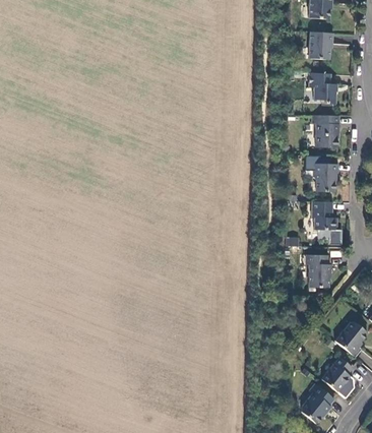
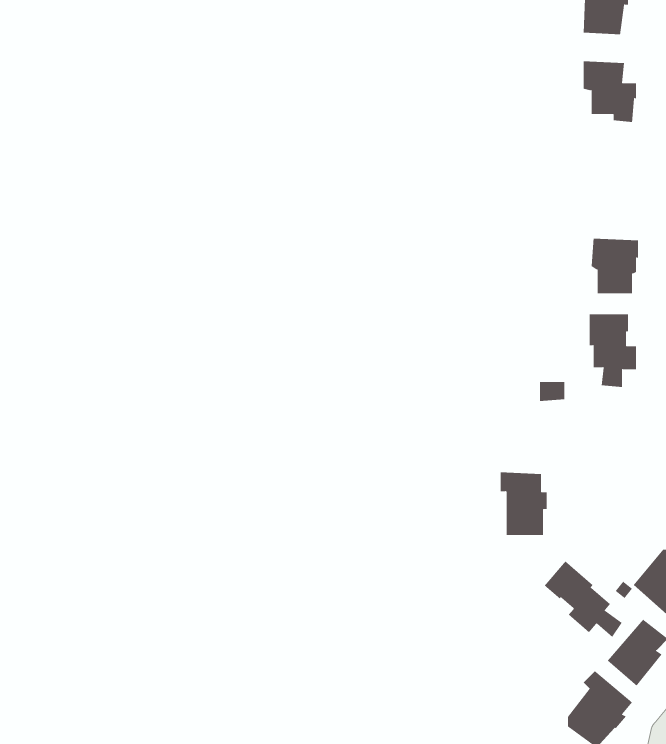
building: [312,115,339,147] -> none
building: [306,254,330,287] -> [500,472,548,536]
building: none -> [544,561,622,638]

